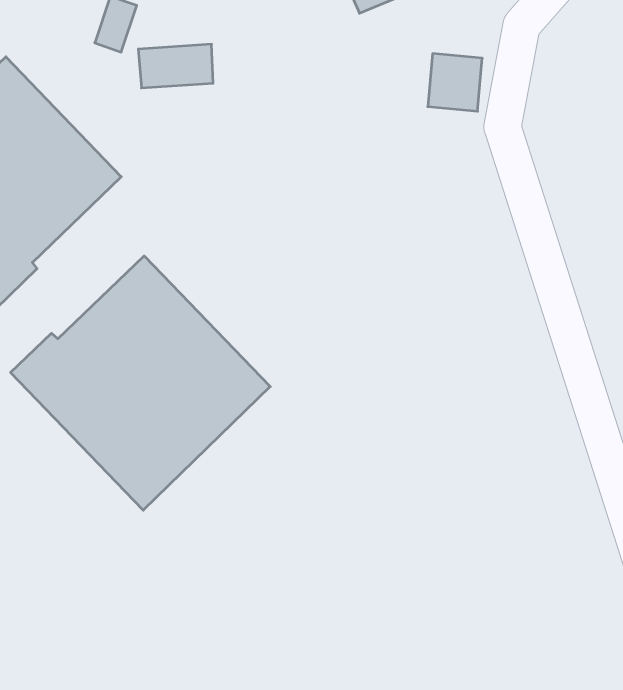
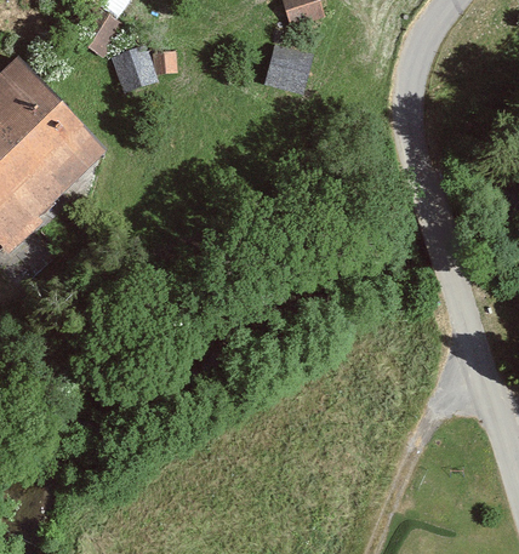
building: [428,54,482,111] -> [267,42,309,87]
building: [11,256,270,510] -> none

